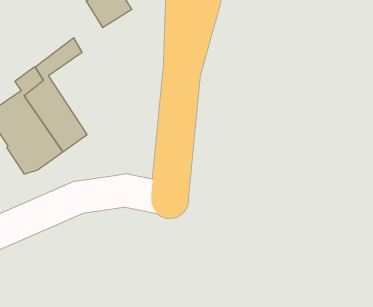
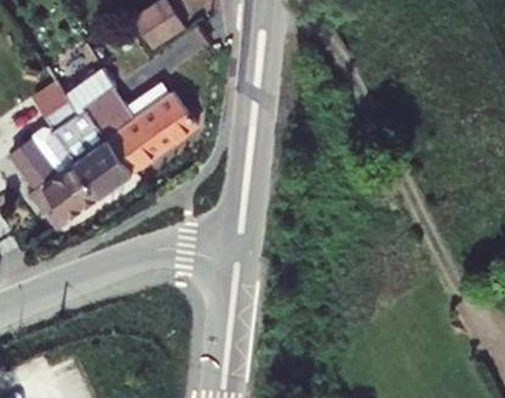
building: none -> [85,83,197,179]

